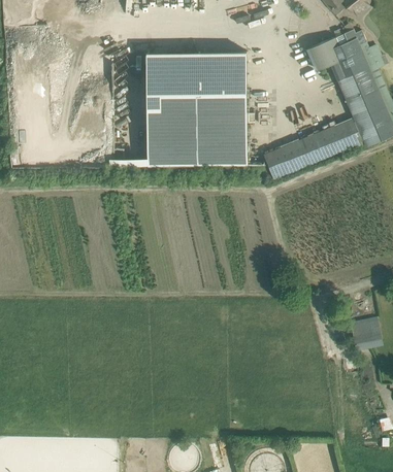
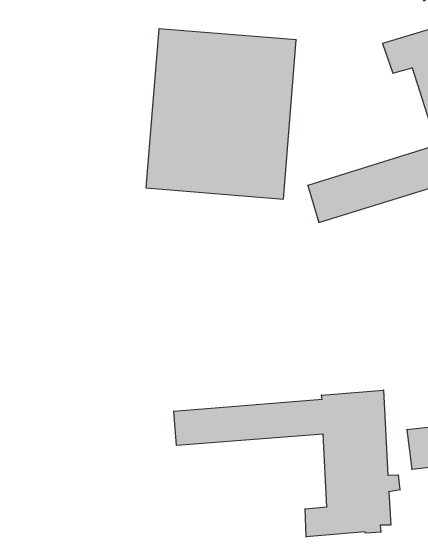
building: none -> [174,390,400,537]

